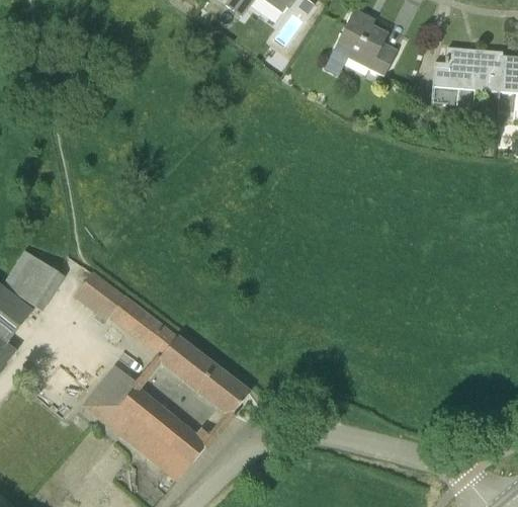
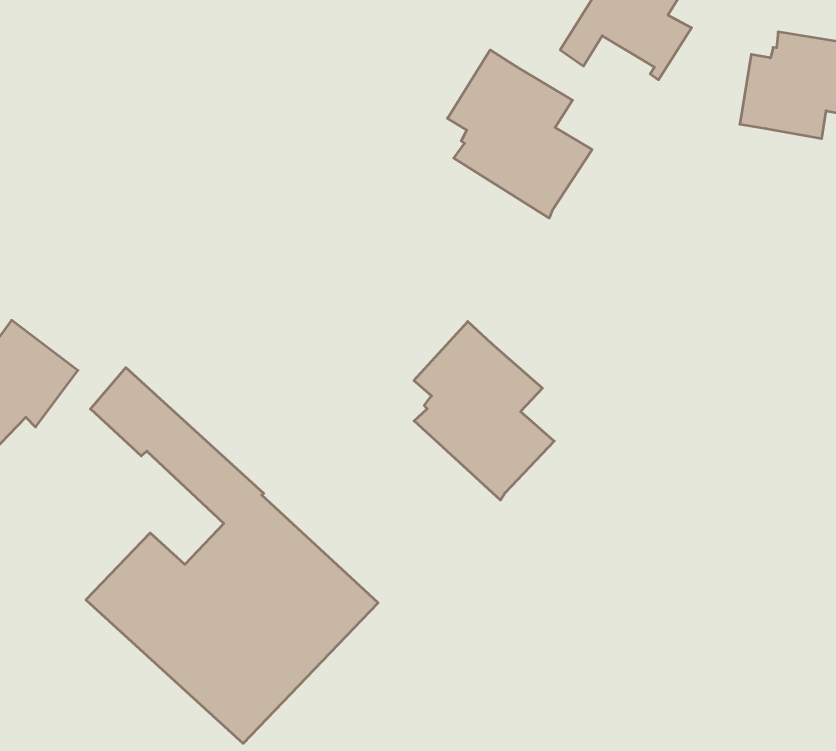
building: none -> [447,50,592,218]
building: none -> [414,321,554,500]

